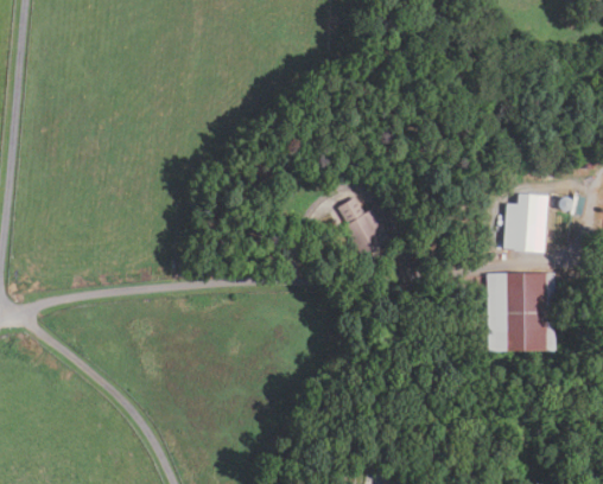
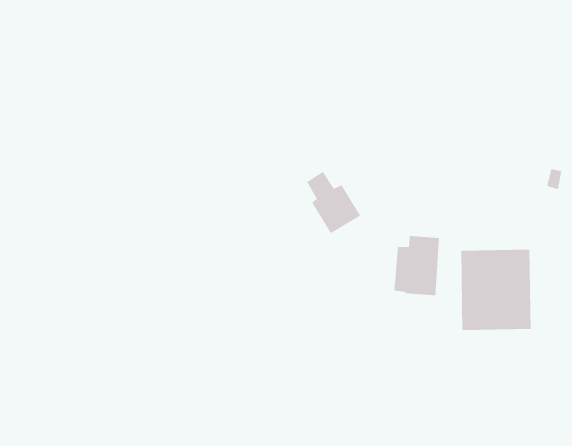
building: [502,192,547,251] -> [393,235,440,296]

